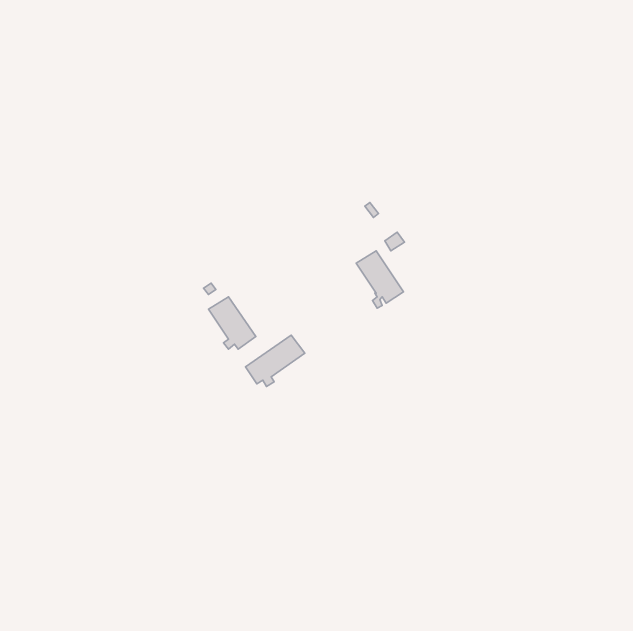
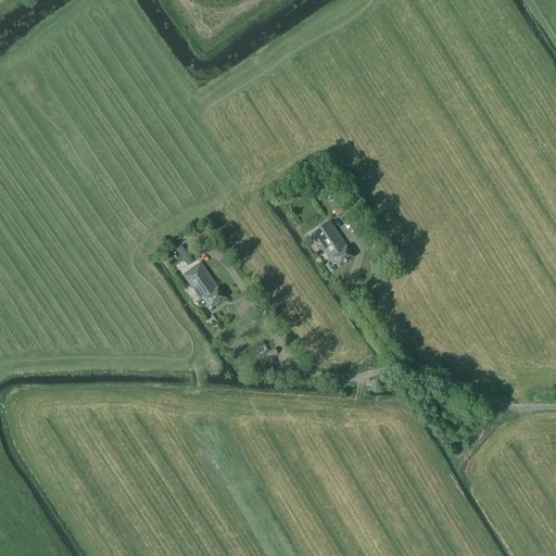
building: [245,335,305,387] -> none

